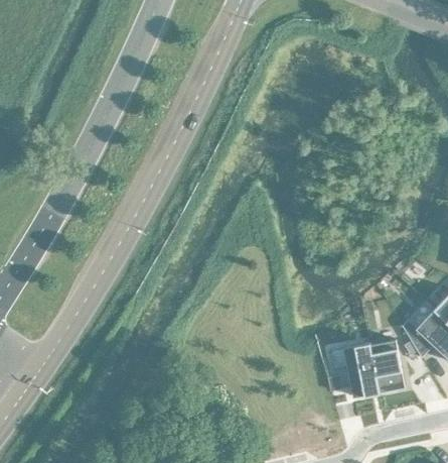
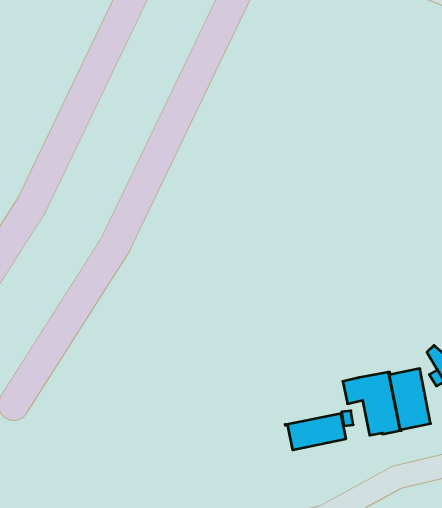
building: none -> [285,413,346,450]

